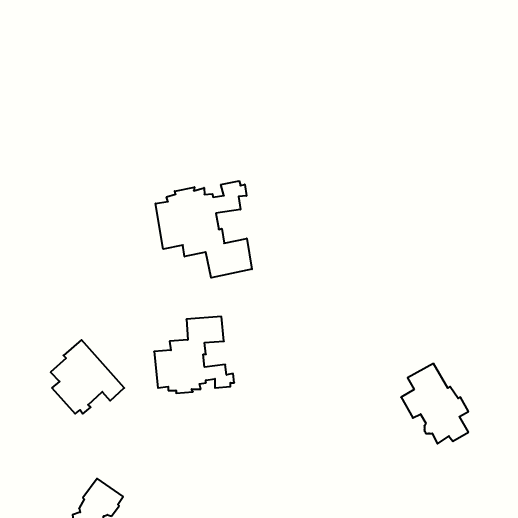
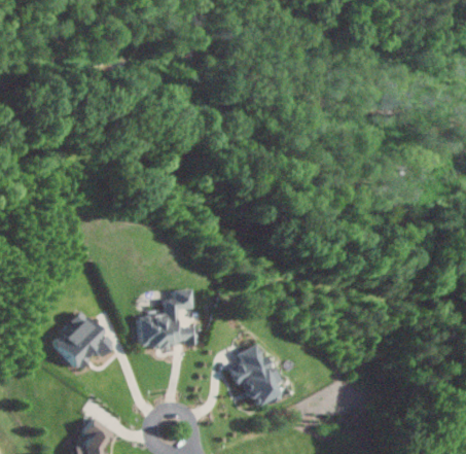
building: [156,181,252,278] -> none
building: [401,364,468,444] -> [228,345,282,409]

